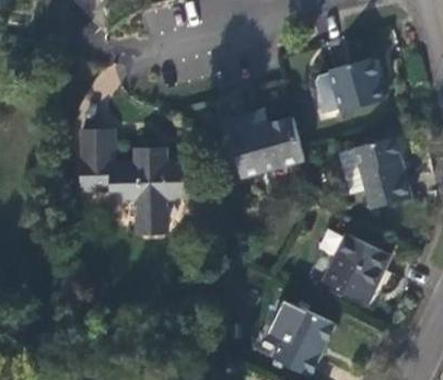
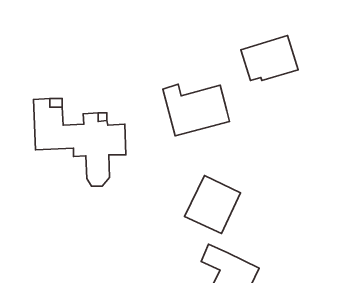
building: [337,138,409,207] -> none
building: [325,238,389,304] -> [184,176,241,234]

